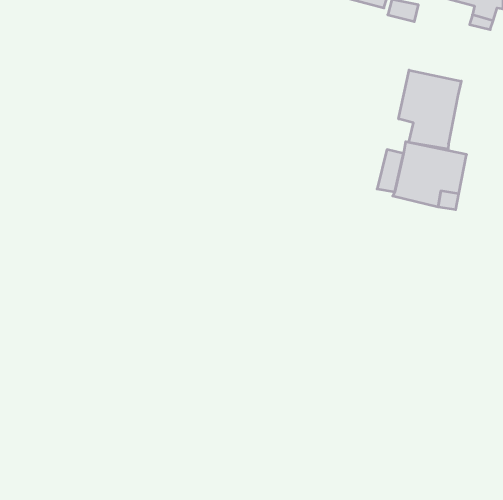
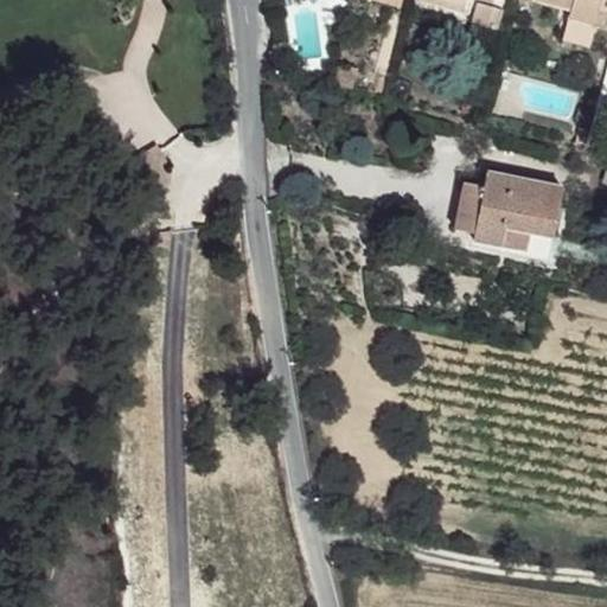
building: [399,70,461,149] -> none

